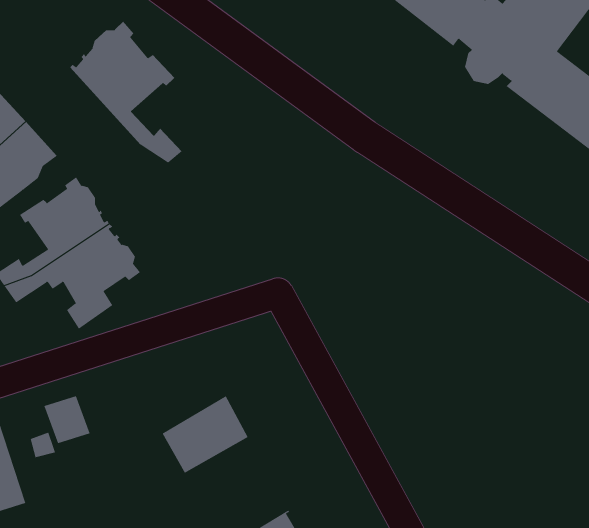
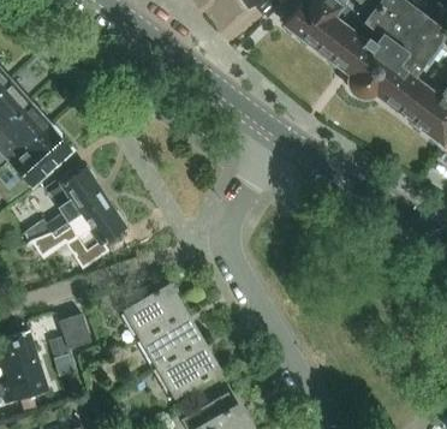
building: [69,21,182,164] -> none
building: none -> [125,285,186,340]
building: none -> [157,342,219,397]

